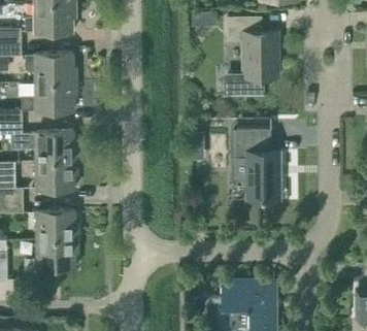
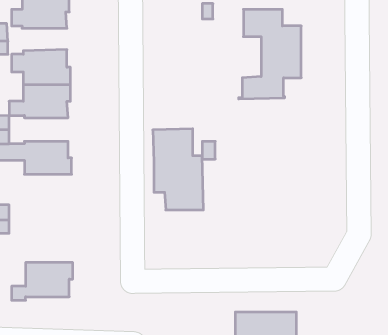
building: [235,129,279,200] -> [153,129,203,210]
building: [35,162,76,191] -> none
building: [36,211,77,239] -> none

